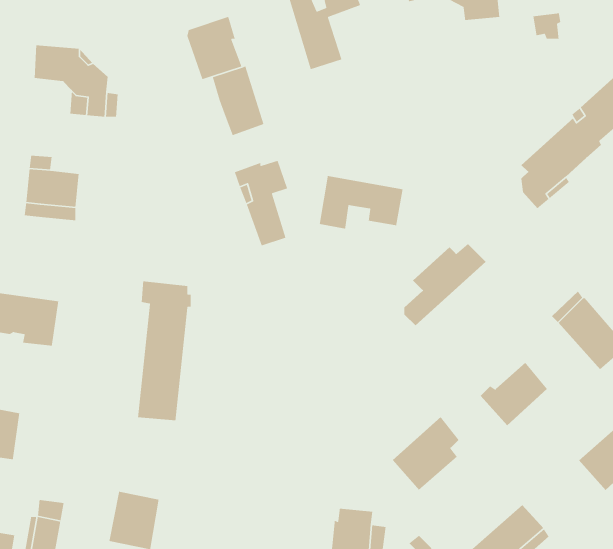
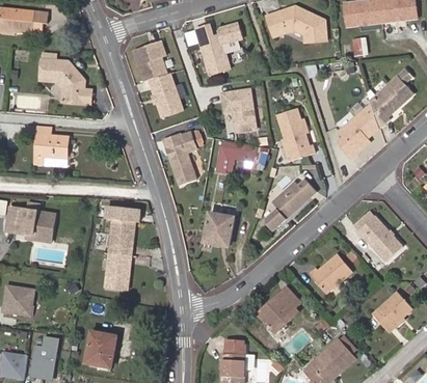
building: none -> [222,87,256,130]
building: none -> [276,110,314,161]
building: none -> [203,212,235,247]

